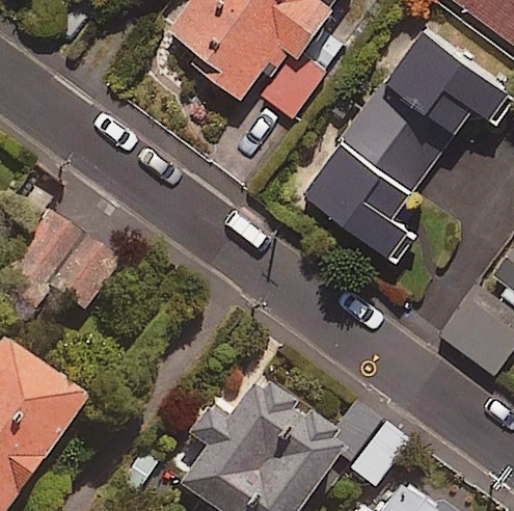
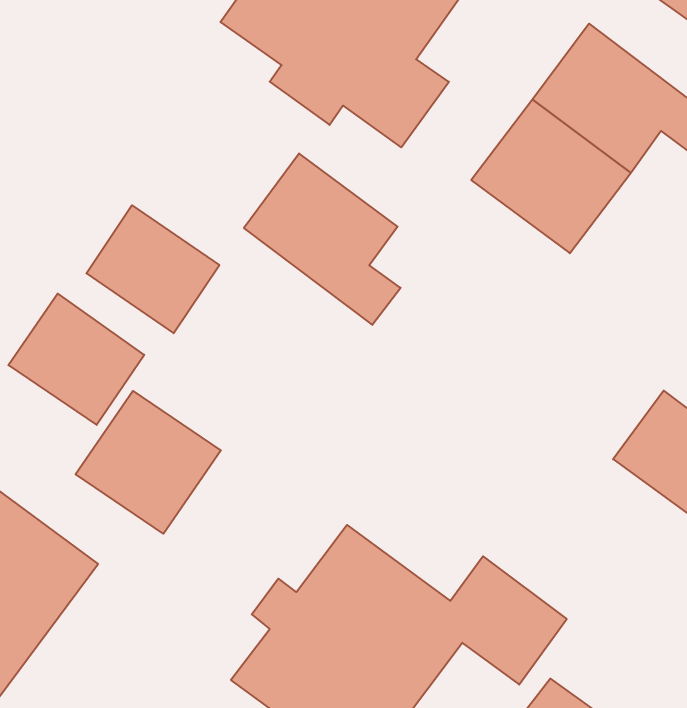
building: [303,139,412,259] -> [244,153,401,325]
building: none -> [86,205,219,333]
building: none -> [76,391,221,534]

